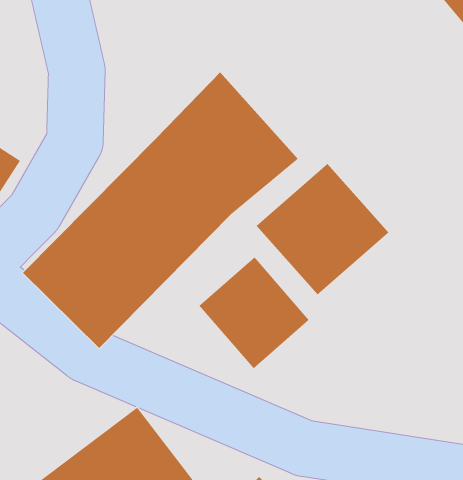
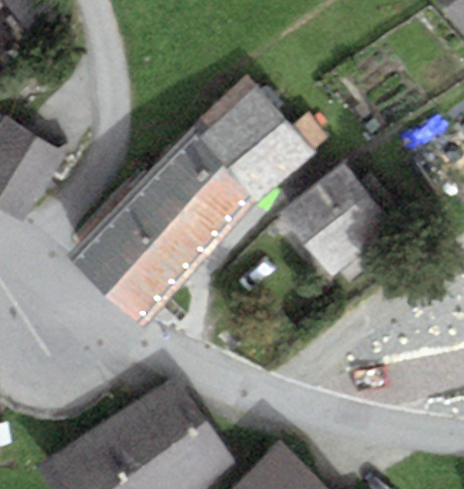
building: [199,257,310,369] -> none

